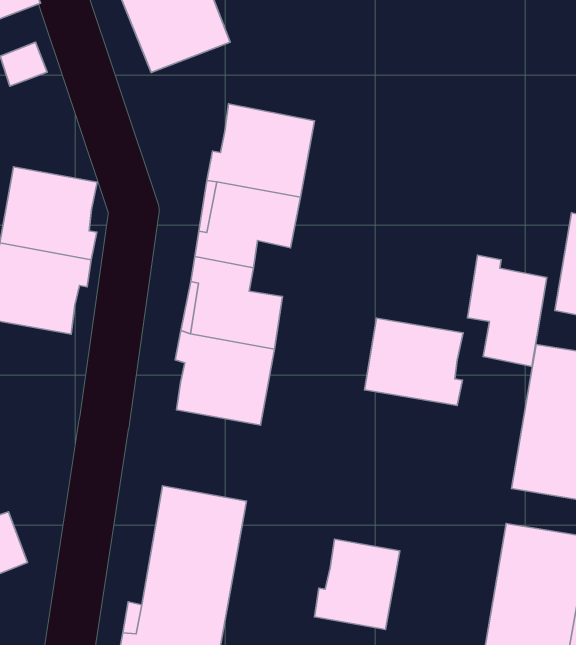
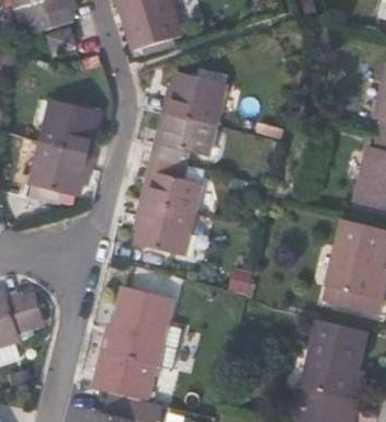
building: [468,255,547,367] -> none
building: [365,318,463,406] -> none
building: [314,539,400,630] -> none

